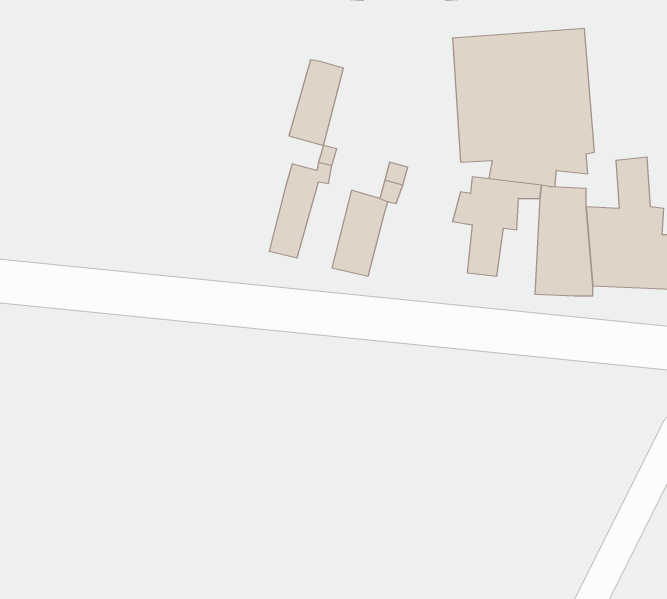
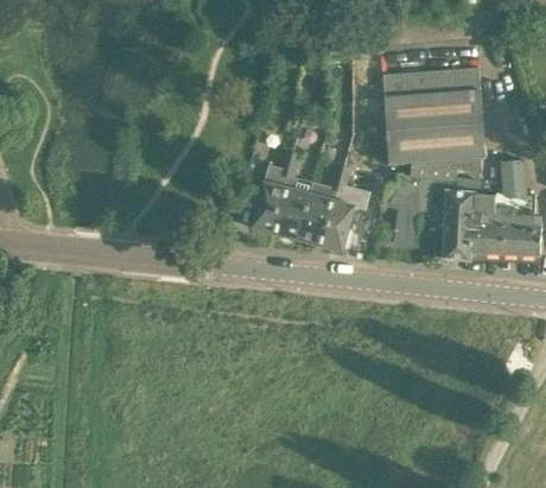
building: [289,60,343,146] -> [271,177,310,239]
building: none -> [322,198,354,251]

